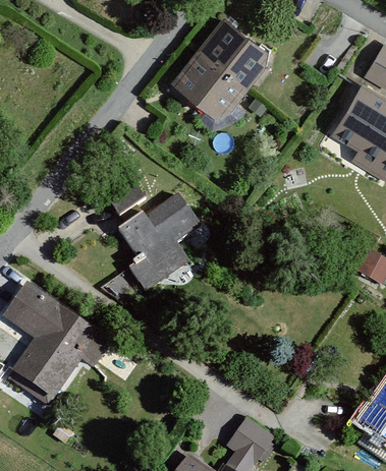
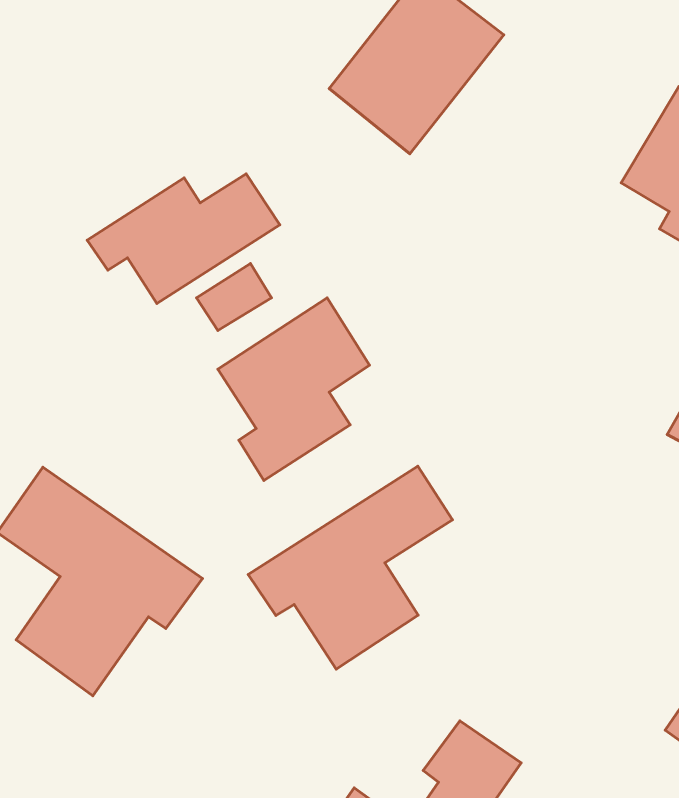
building: none -> [87,174,280,304]
building: none -> [248,466,452,669]

